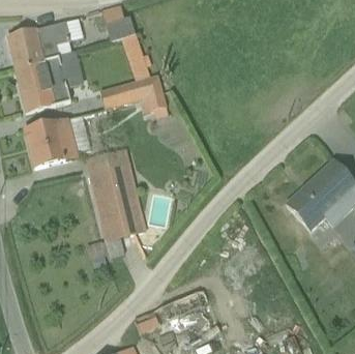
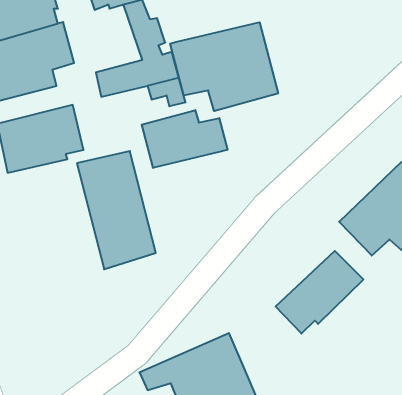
building: none -> [170,22,278,111]
building: none -> [142,110,228,168]
building: none -> [276,251,363,334]

